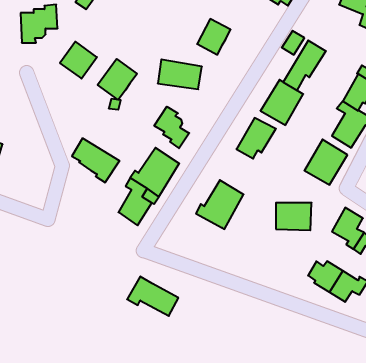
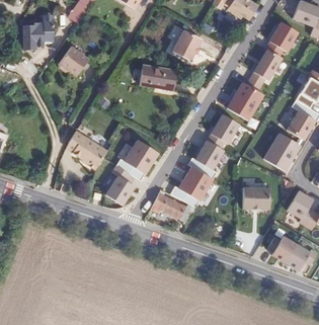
building: none -> [265,22,298,57]
building: [98,59,137,100] -> none
building: [154,107,189,148] -> none
building: none -> [187,141,223,179]
building: [127,276,178,316] -> [150,189,193,223]

